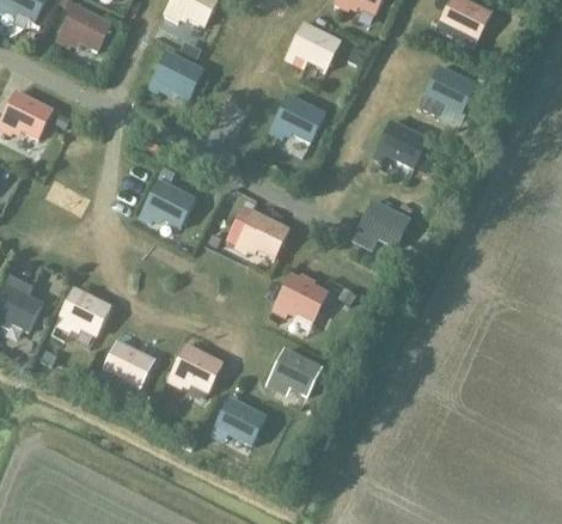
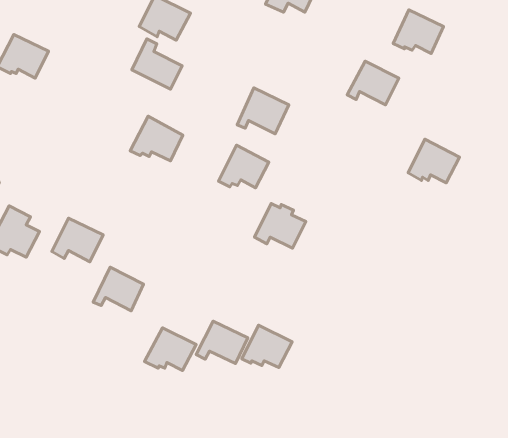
building: [270,93,325,142] -> [237,88,289,134]
building: none -> [132,39,182,89]
building: [355,200,410,246] -> [408,139,460,183]
building: [167,345,222,390] -> [145,328,196,370]
building: [267,348,320,394] -> [242,325,292,368]

